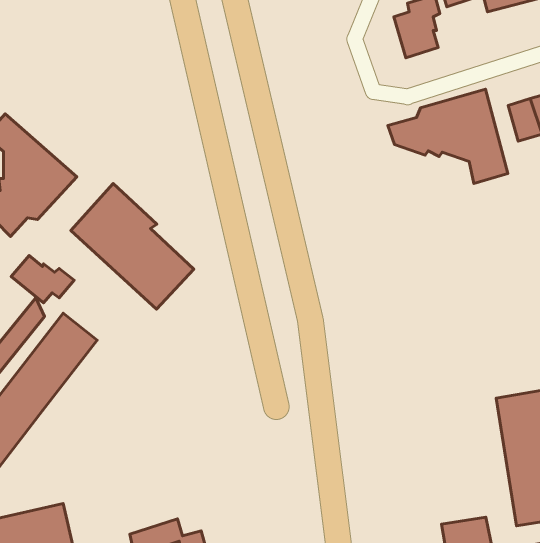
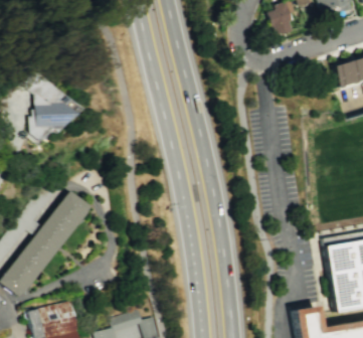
building: [388,89,508,183] -> none
building: [71,184,194,309] -> none
building: [11,256,74,303] -> none

